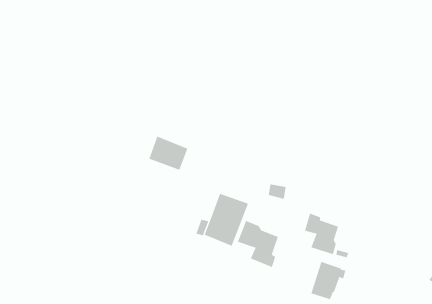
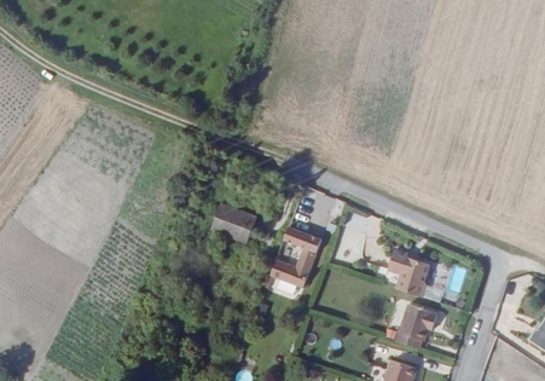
building: [148,136,188,170] -> [211,202,257,242]
building: [237,220,279,268] -> none

